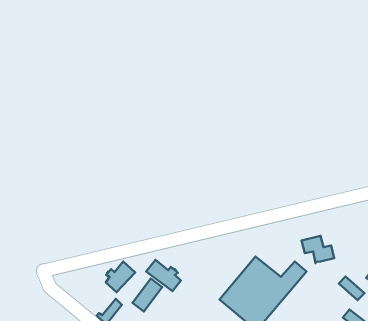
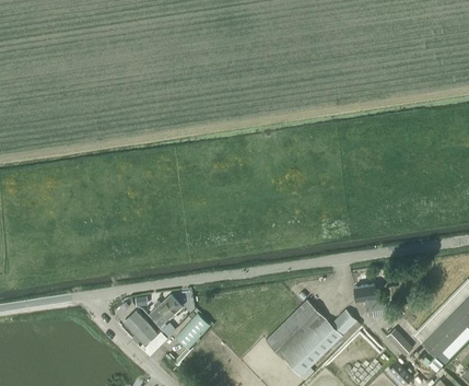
building: [146,260,181,291] -> none
building: none -> [124,308,156,343]

